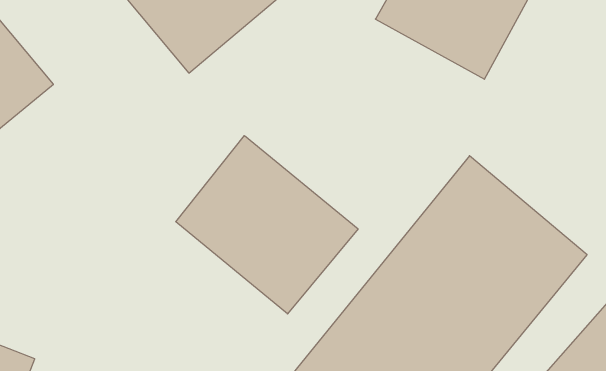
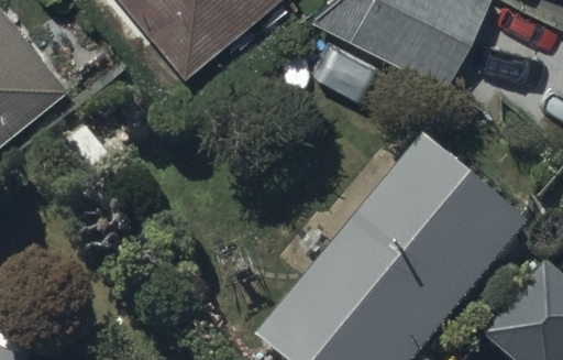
building: [176,136,358,314] -> none

